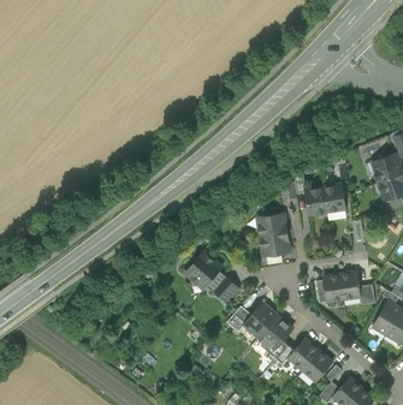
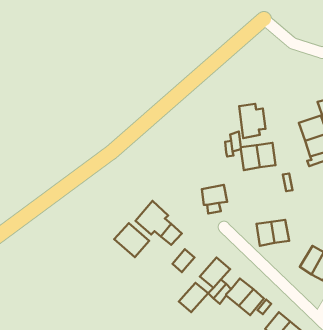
building: none -> [239,104,265,138]
building: [256,213,285,237] -> none
building: none -> [114,223,149,257]
building: [243,303,277,336] -> [179,283,208,312]

